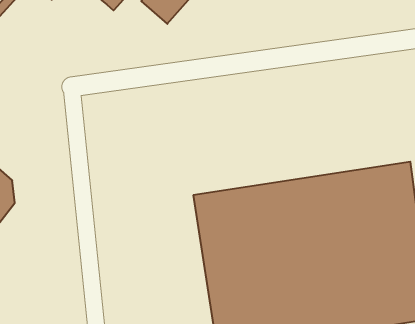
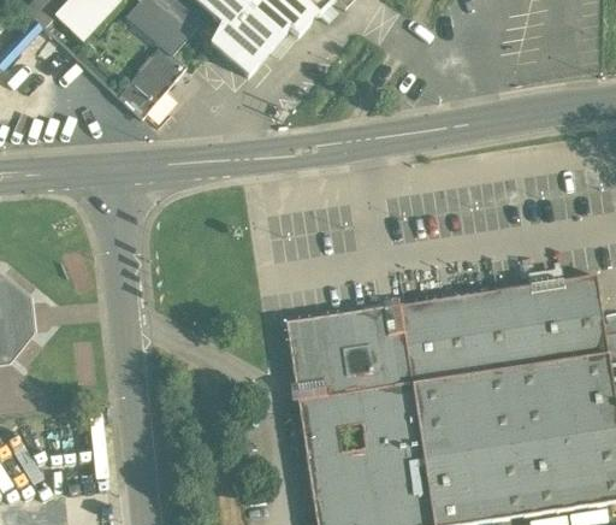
building: none -> [119,47,186,118]

